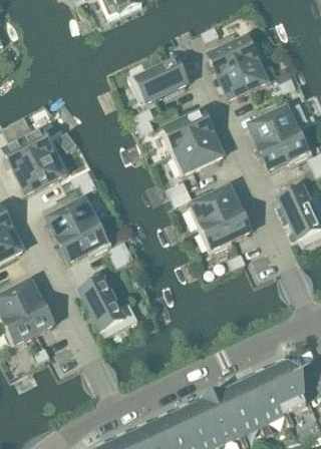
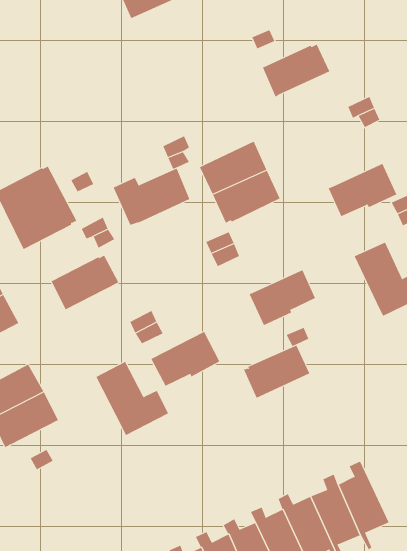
building: [219,57,271,99] -> none
building: [127,59,187,103] -> [113,168,190,226]
building: [249,105,301,146] -> none
building: [189,186,240,228] -> [243,345,310,398]
building: [58,218,111,261] -> [151,331,220,386]

